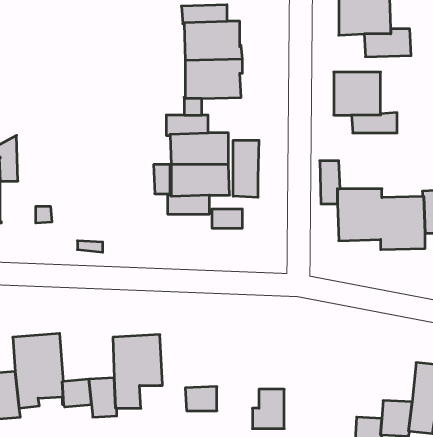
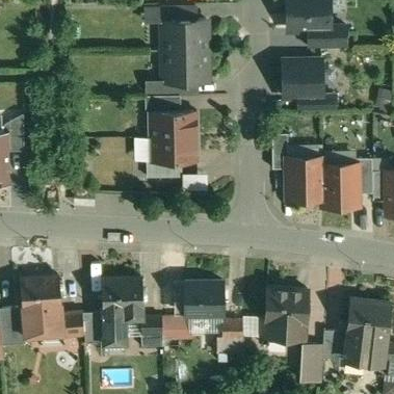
building: [233,140,259,197] -> none
building: none -> [186,280,222,314]
building: none -> [263,287,308,340]
building: none -> [141,315,163,346]

